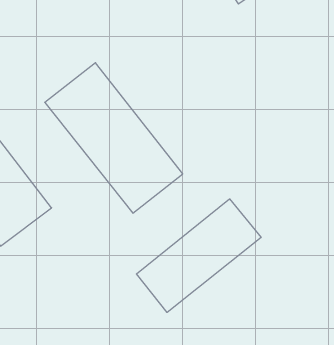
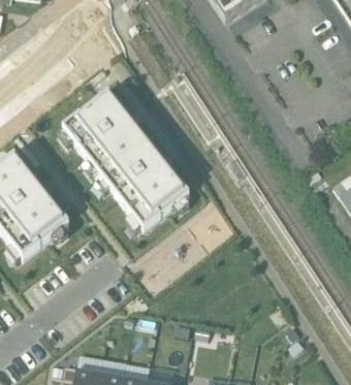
building: [136,199,261,312] -> none

